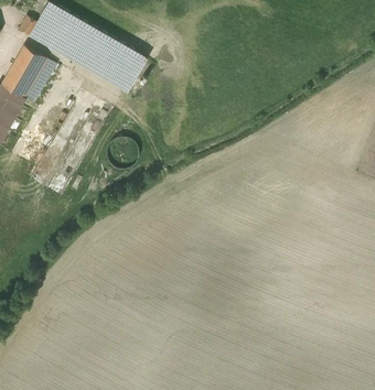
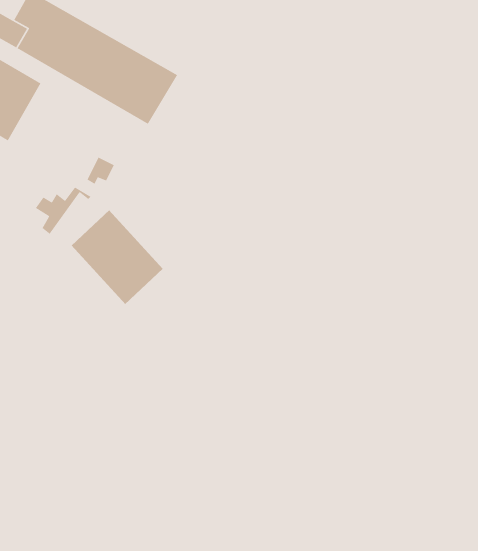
building: none -> [71,210,164,305]

